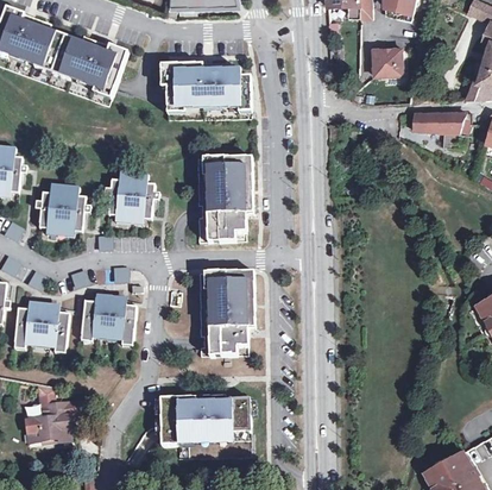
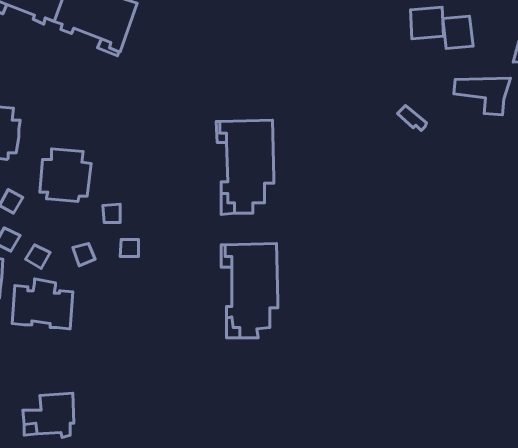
building: none -> [443,16,473,49]
building: [159,63,251,106] -> none
building: [107,170,154,218] -> none
building: [81,294,135,339] -> none
building: [156,397,245,446] -> none

